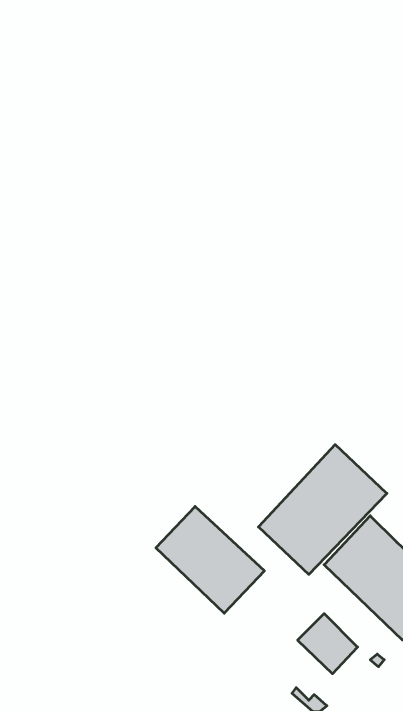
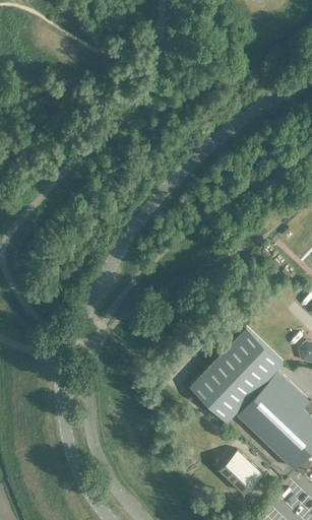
building: [156,506,264,613] -> none

